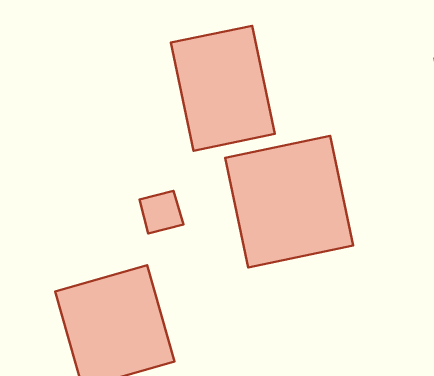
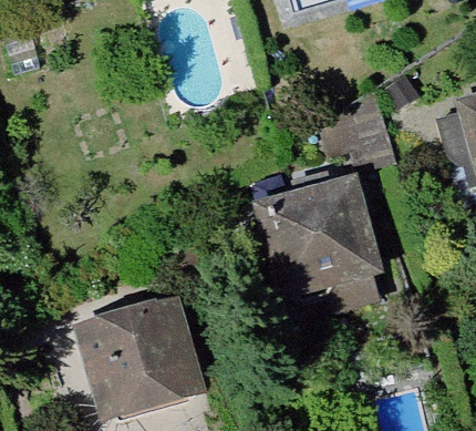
building: [171,26,275,151] -> none

